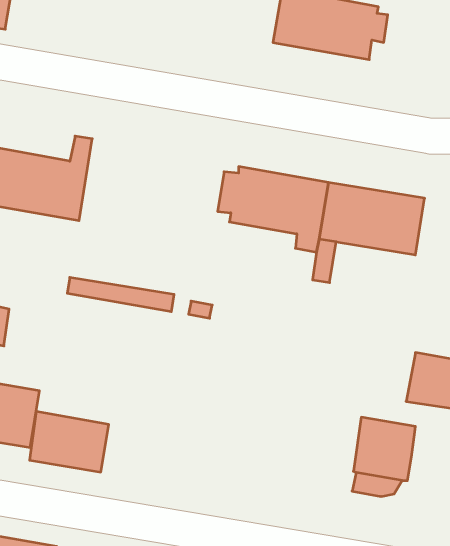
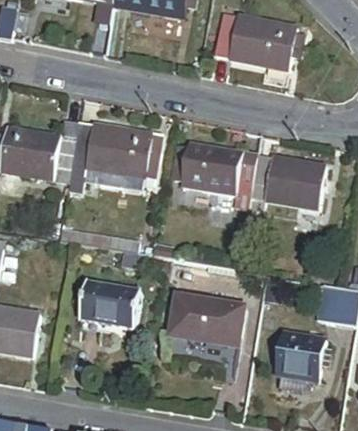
building: none -> [67,122,162,193]
building: none -> [168,295,241,346]
building: [30,411,109,472] -> [78,282,138,328]

